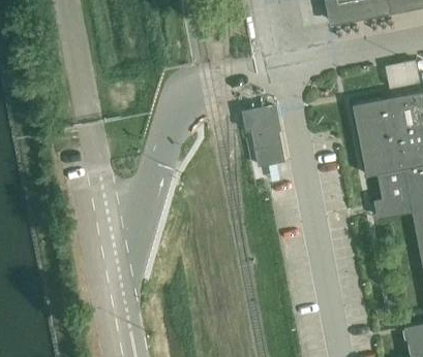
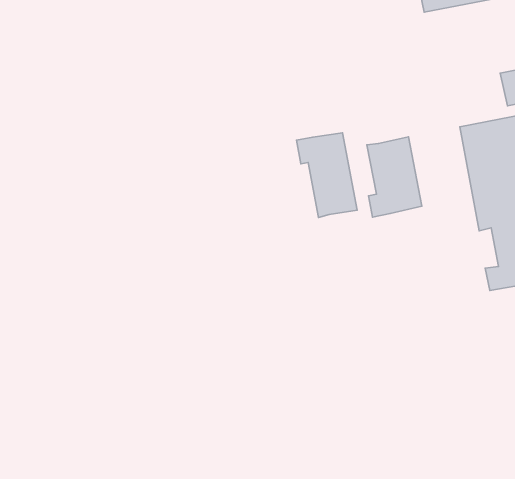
building: none -> [367,137,422,217]

